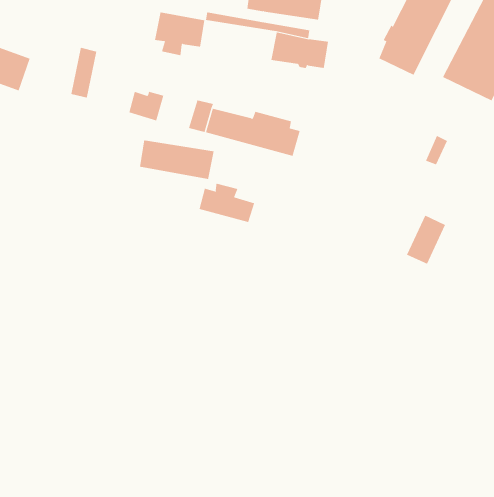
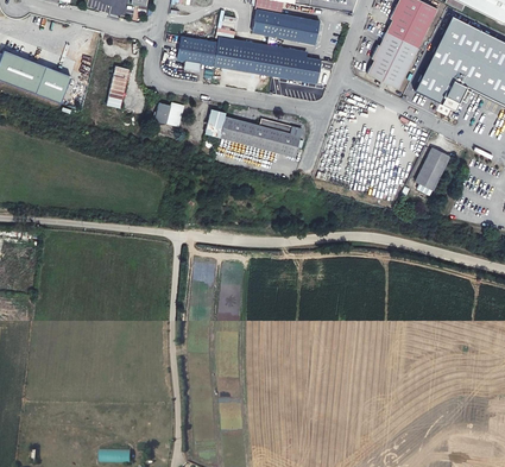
building: [139,140,215,179] -> [215,43,278,76]
building: [199,183,255,223] -> none
building: [406,215,446,265] -> [416,147,449,189]

